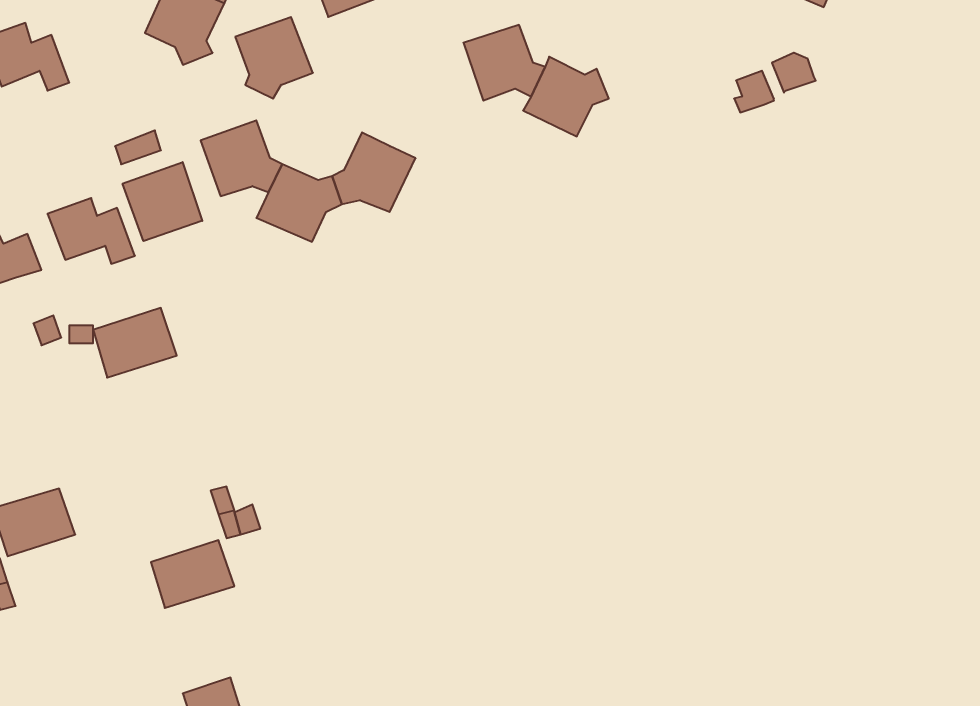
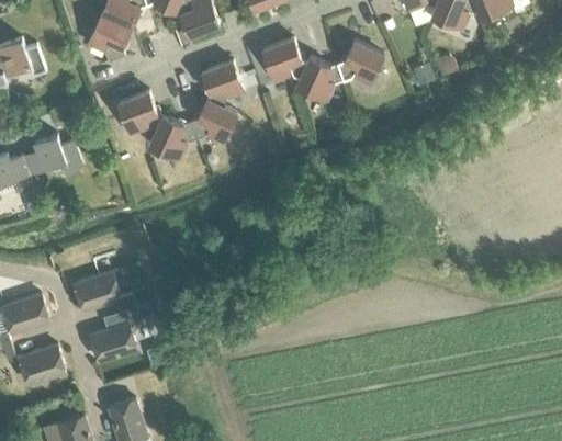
building: [235,17,313,99] -> [201,61,244,106]
building: none -> [336,42,383,86]
building: [123,162,202,241] -> none
building: [93,308,177,378] -> [74,272,120,310]
building: none -> [19,346,65,384]

